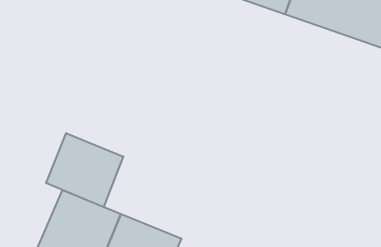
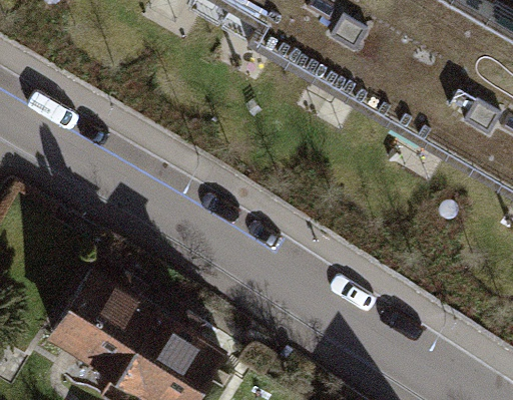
building: [46,133,123,207] -> none

